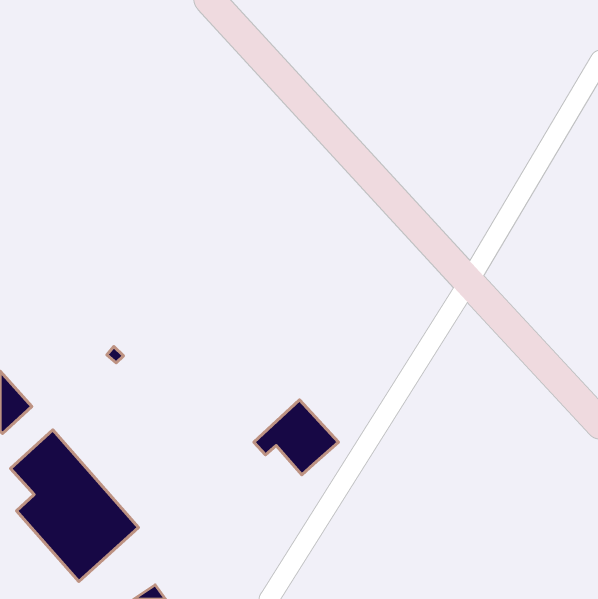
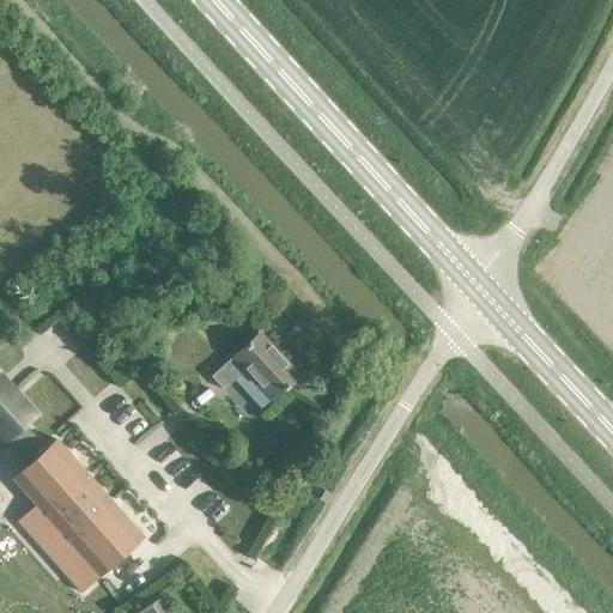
building: [254,400,338,475] -> [212,333,298,409]

